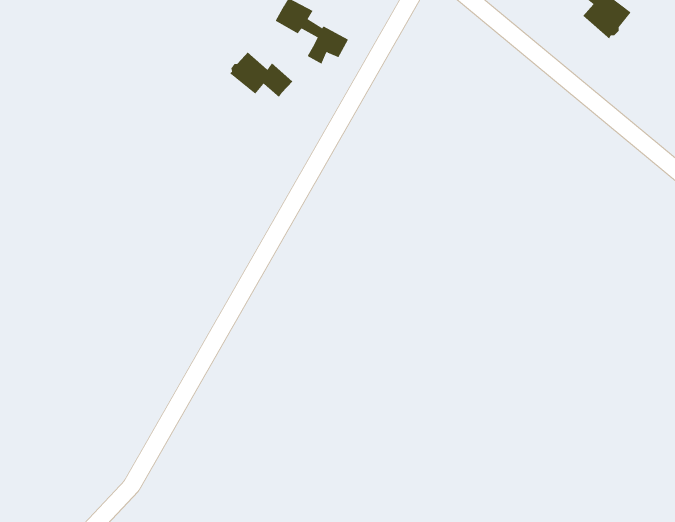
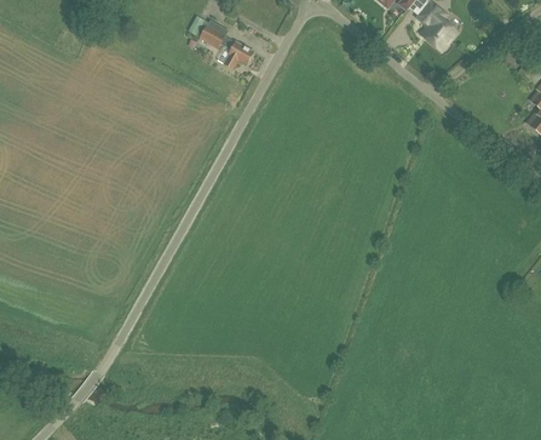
building: [229,51,293,98] -> none

